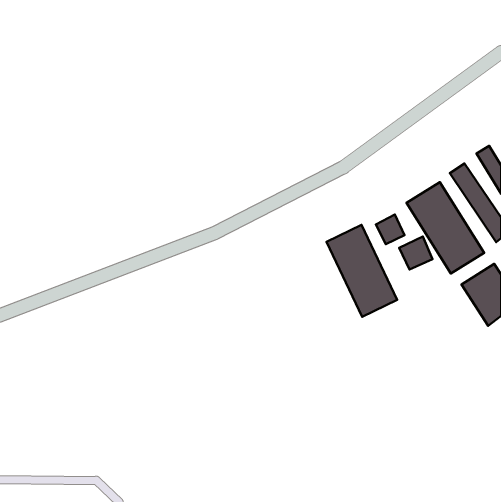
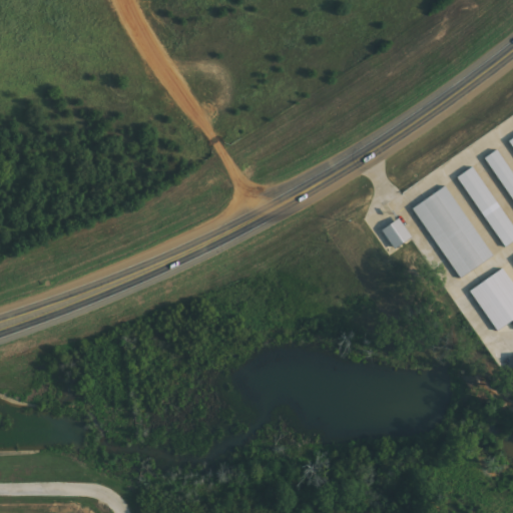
building: [326,225,397,317] -> none
building: [399,237,432,270] -> none

